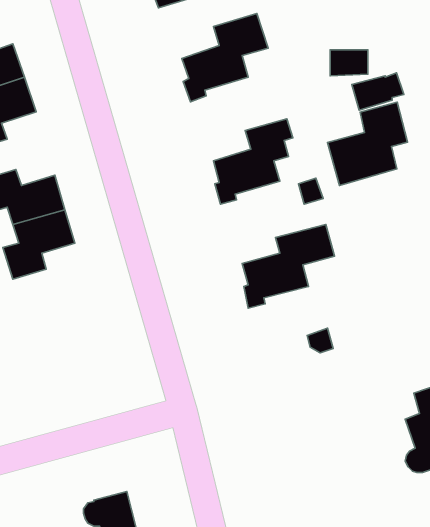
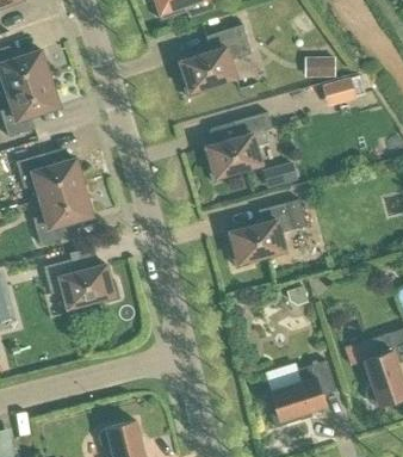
building: [327,102,408,186] -> none
building: none -> [44,259,119,308]
building: none -> [267,360,336,427]

